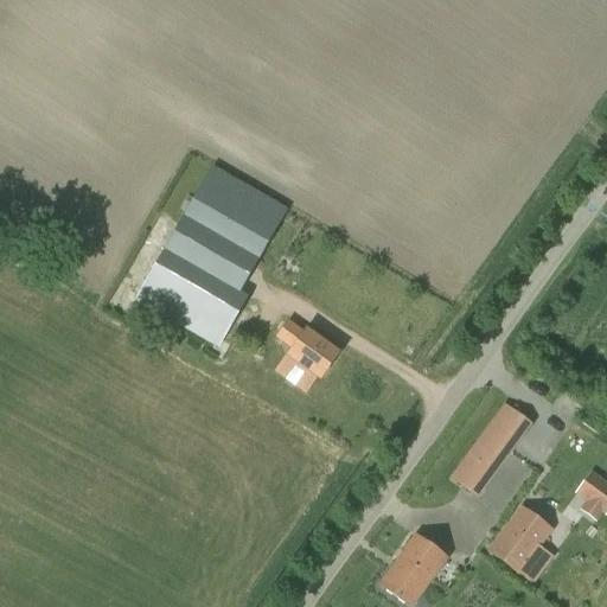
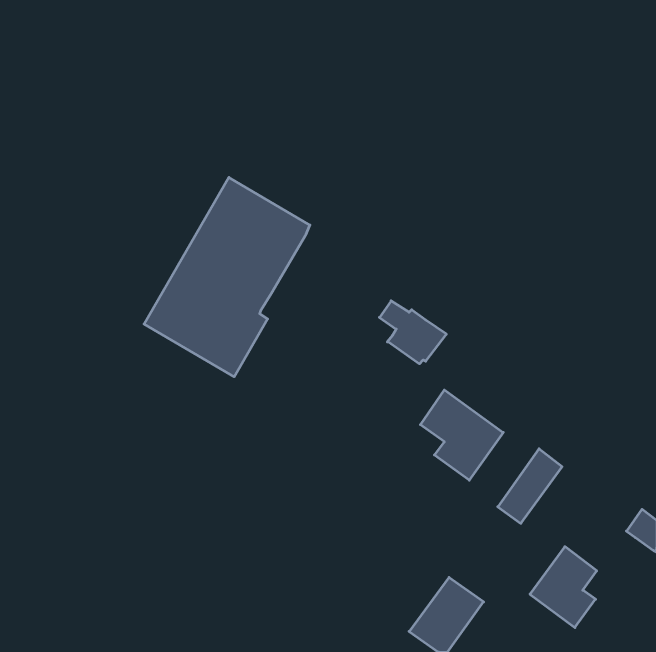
building: [277,319,339,377] -> [379,301,446,364]
building: none -> [420,390,503,480]

